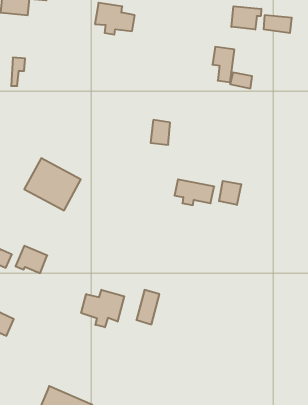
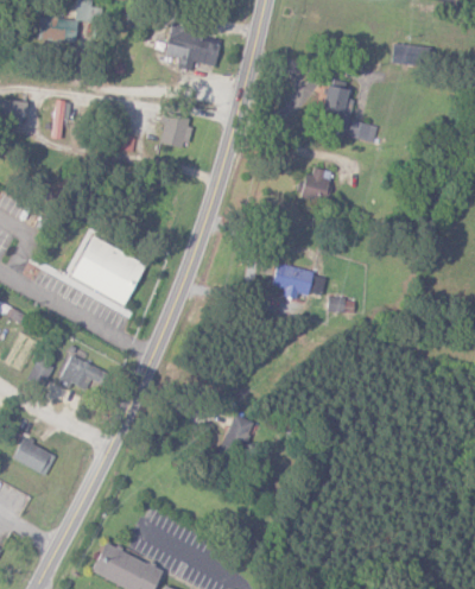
building: [231,6,261,30] -> none
building: none -> [159,118,192,150]
building: [151,120,170,145] -> [304,167,330,201]
building: [219,181,241,205] -> none
building: [81,290,124,327] -> none

